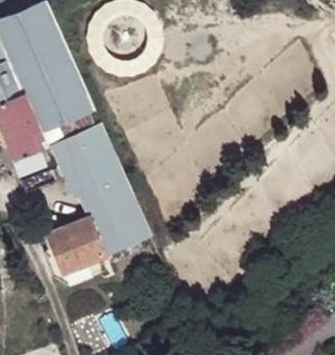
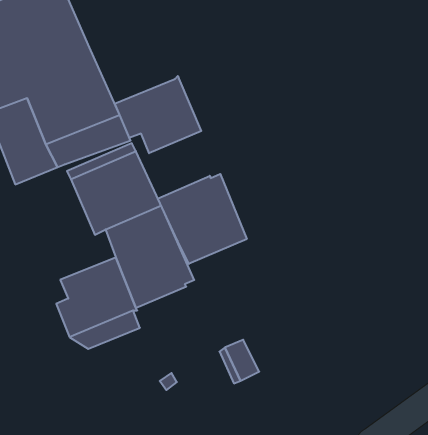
building: none -> [115,76,201,153]
building: none -> [158,174,247,264]

